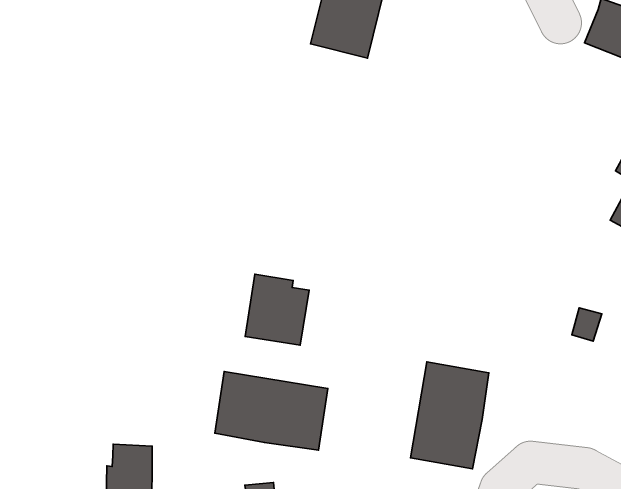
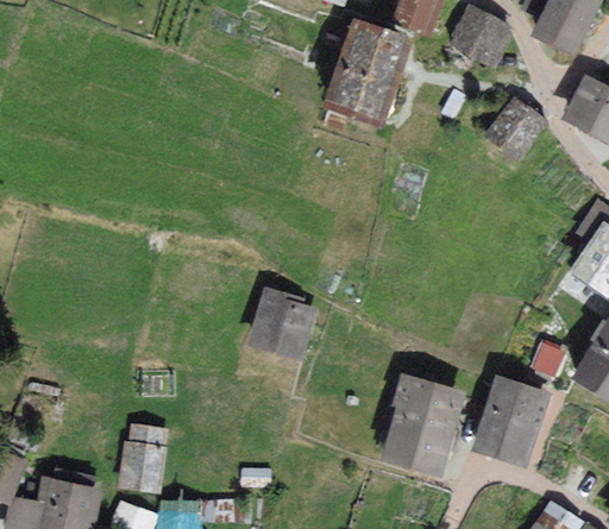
building: none -> [490,101,540,153]
building: none -> [477,378,546,462]
building: [215,372,328,450] -> none

